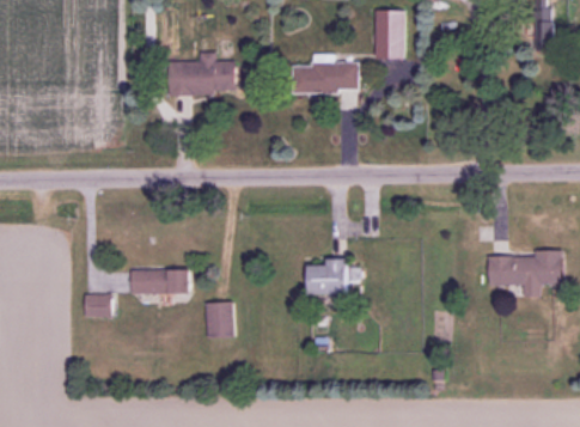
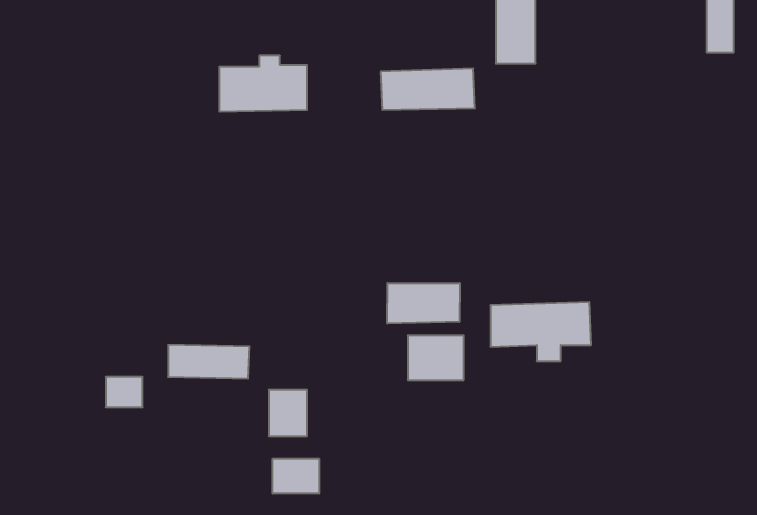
building: none -> [387,283,460,324]
building: [489,252,564,297] -> [490,302,591,361]
building: none -> [273,459,319,494]

